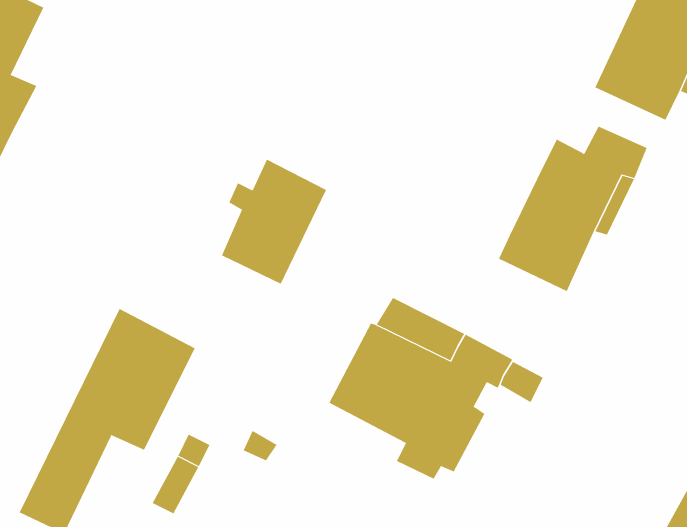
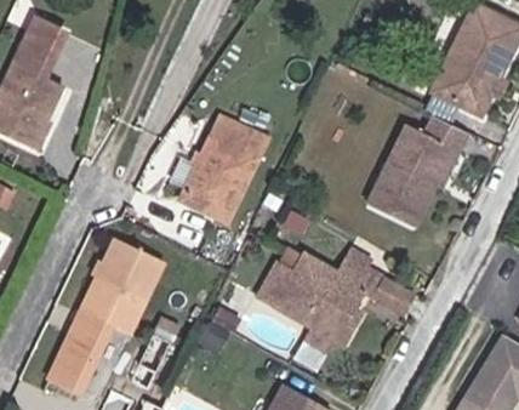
building: none -> [216,114,269,159]

